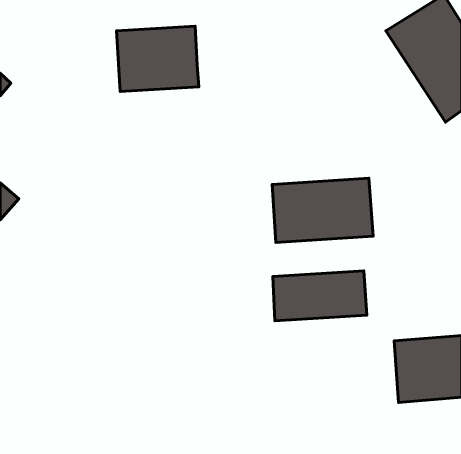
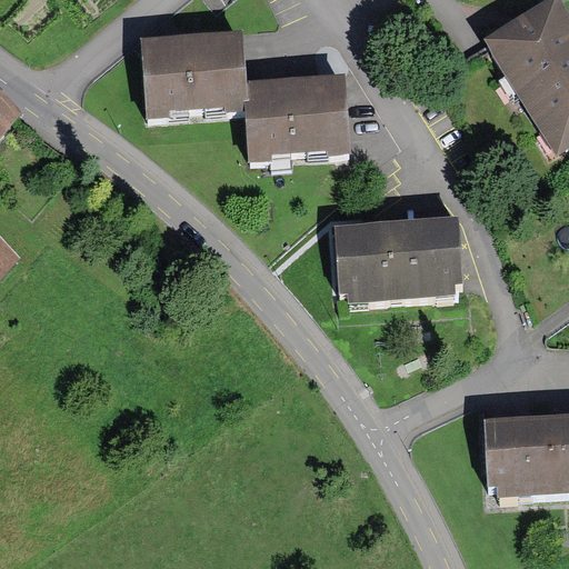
building: none -> [243,74,348,158]
building: [273,271,367,321] -> none

